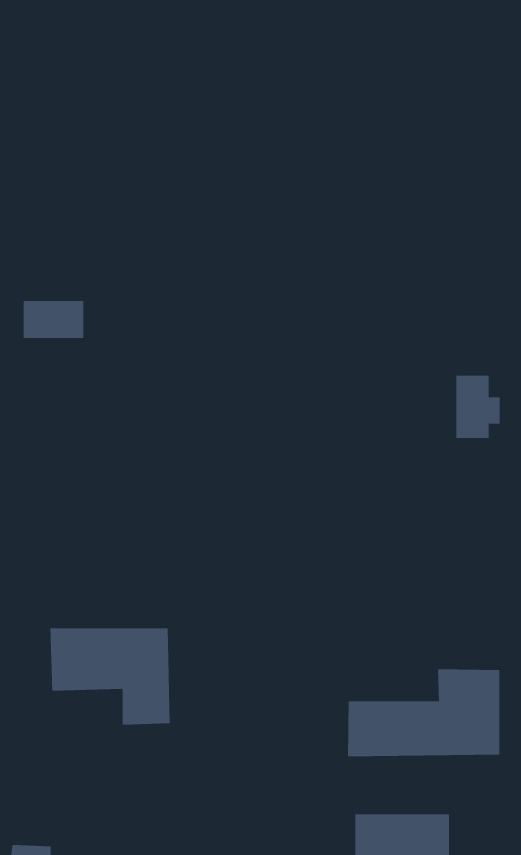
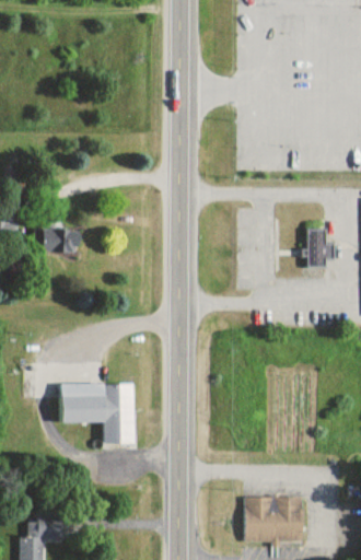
building: [23,300,84,338] -> [40,232,78,255]
building: [347,669,500,757] -> none

